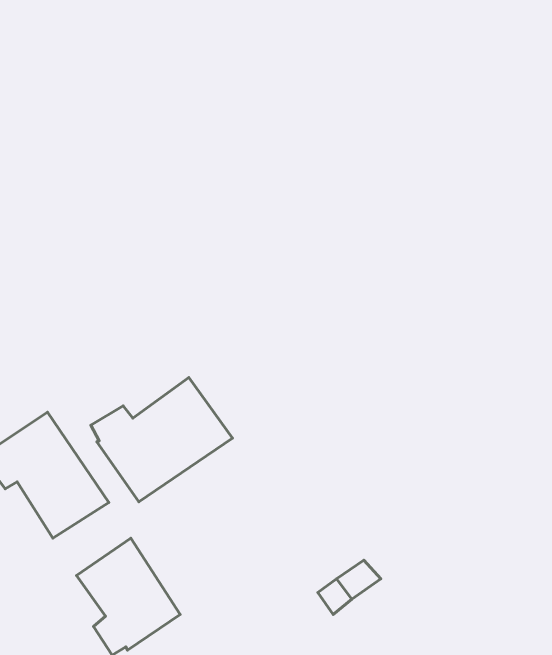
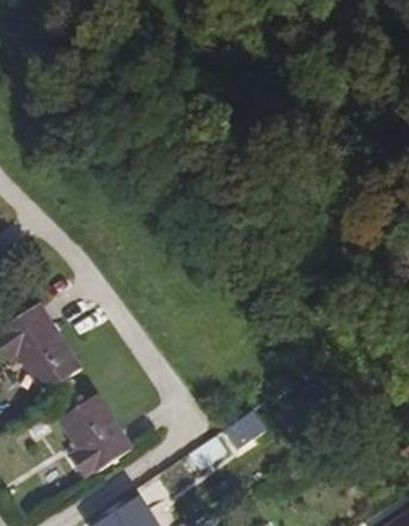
building: [91,377,232,502] -> none

